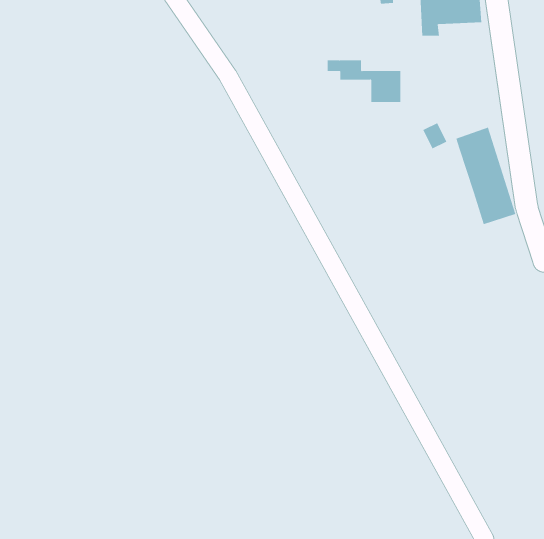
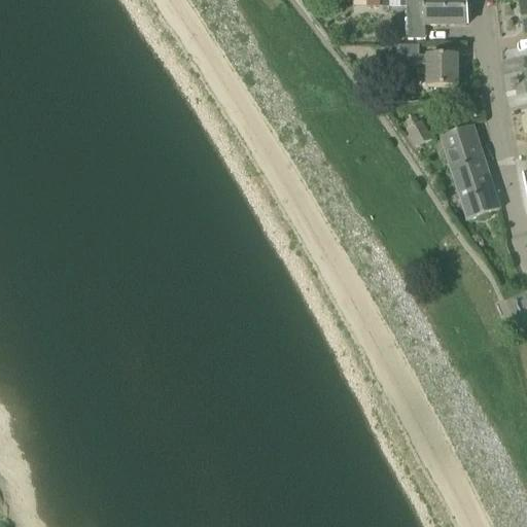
building: [327,60,401,102] -> [385,42,457,83]

